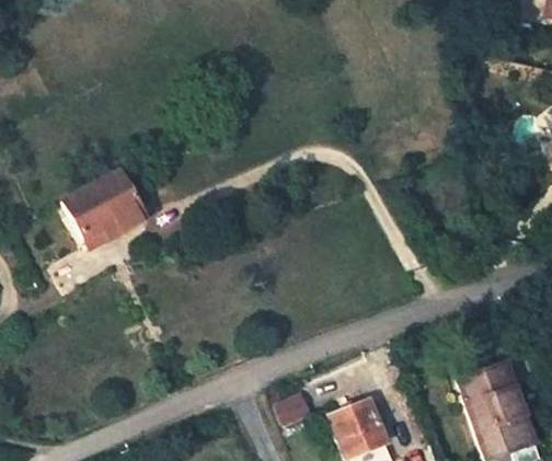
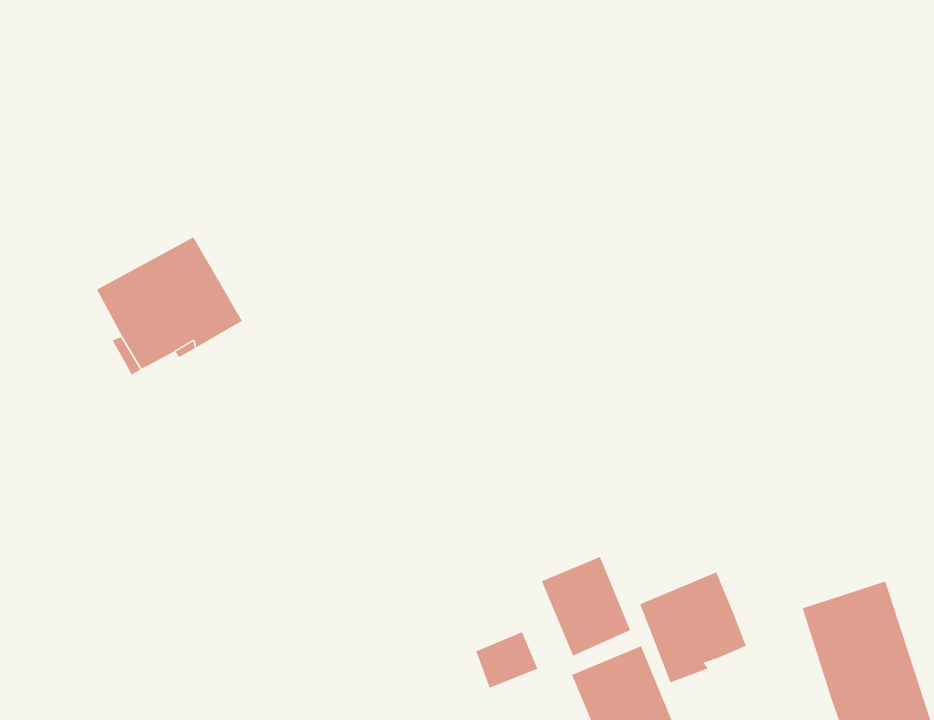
building: none -> [541,556,631,656]
building: none -> [640,572,747,683]

